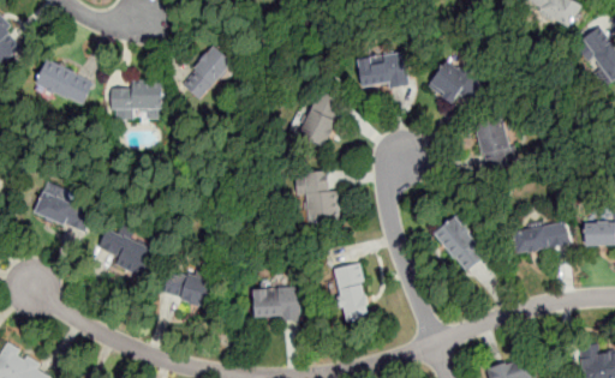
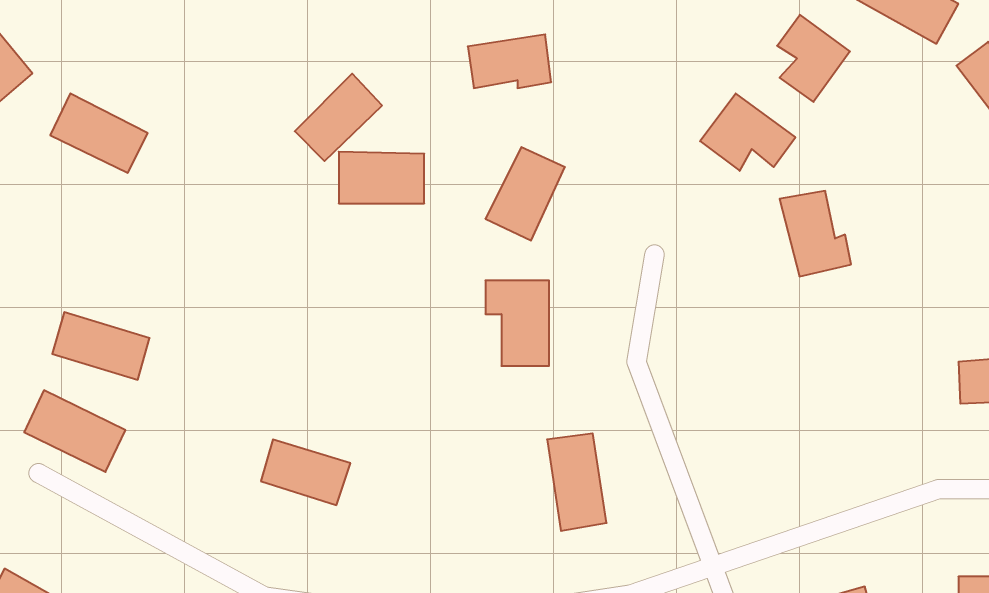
building: none -> [777,15,850,102]
building: [358,54,408,86] -> [468,34,551,88]
building: [111,83,162,114] -> [339,152,424,203]
building: [434,217,489,275] -> none
building: [512,223,569,256] -> none
building: [95,228,156,277] -> [24,390,125,472]
building: [253,287,298,318] -> none

